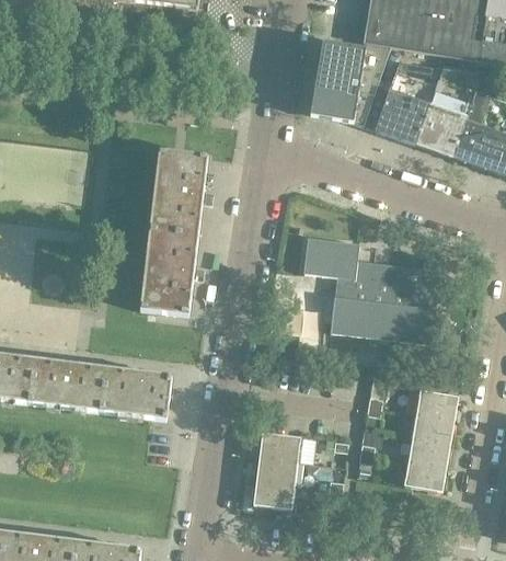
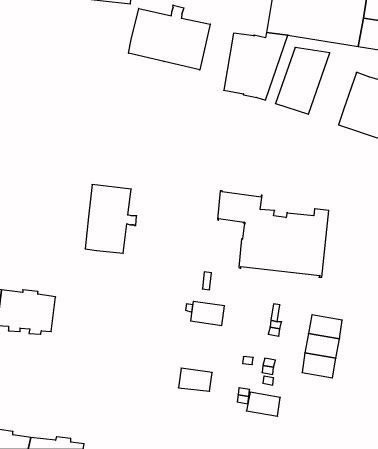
building: none -> [129,5,210,70]
building: [415,68,481,157] -> none
building: [149,150,212,236] -> none
building: [99,368,170,421] -> none
building: [258,432,300,461] -> [191,301,224,325]
building: [403,461,445,491] -> [246,392,280,416]
building: [253,480,294,508] -> none

